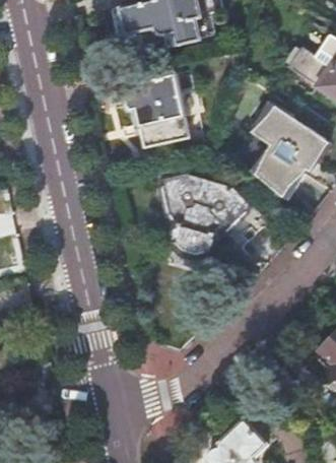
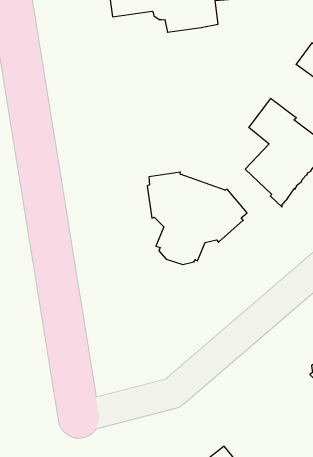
building: [124,74,188,145] -> none

